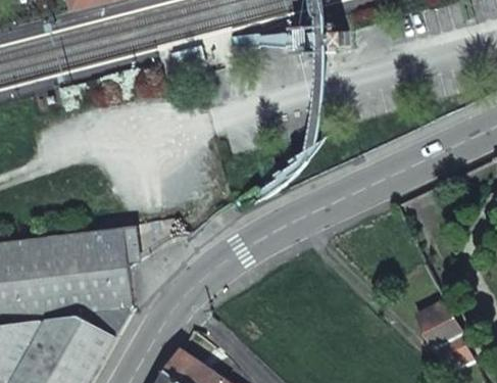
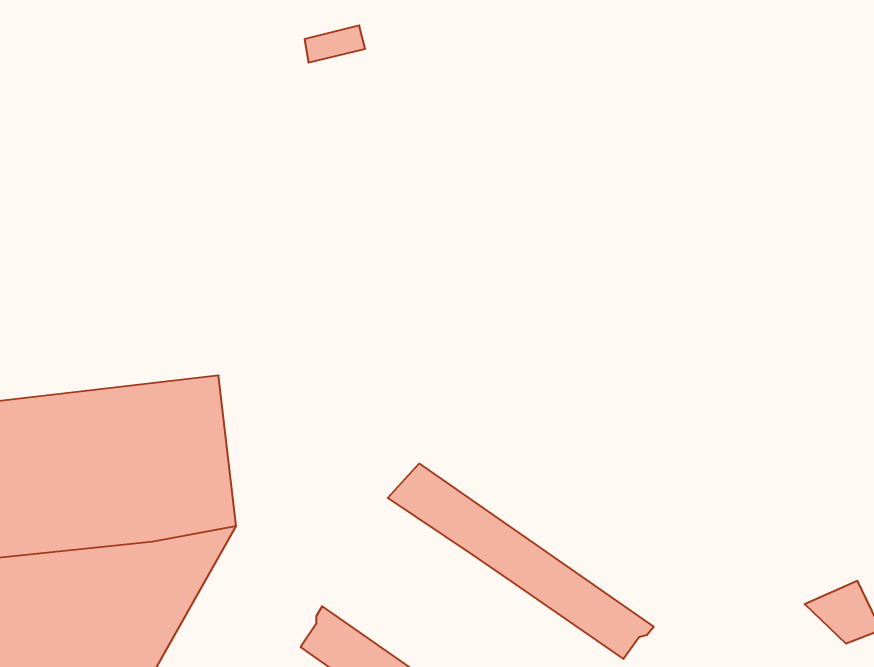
building: none -> [388,464,654,659]
building: [415,307,456,346] -> none

